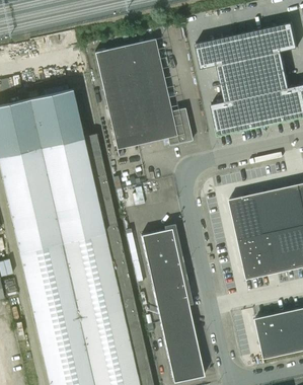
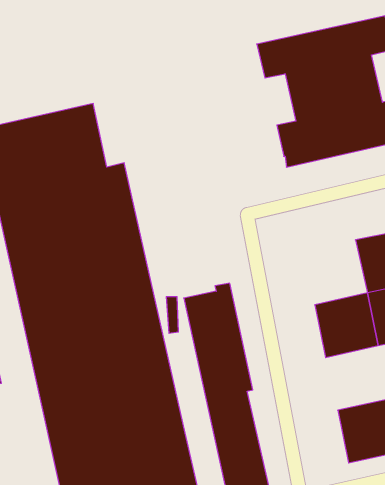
building: [94,38,192,149] -> none
building: [229,190,278,239] -> none

